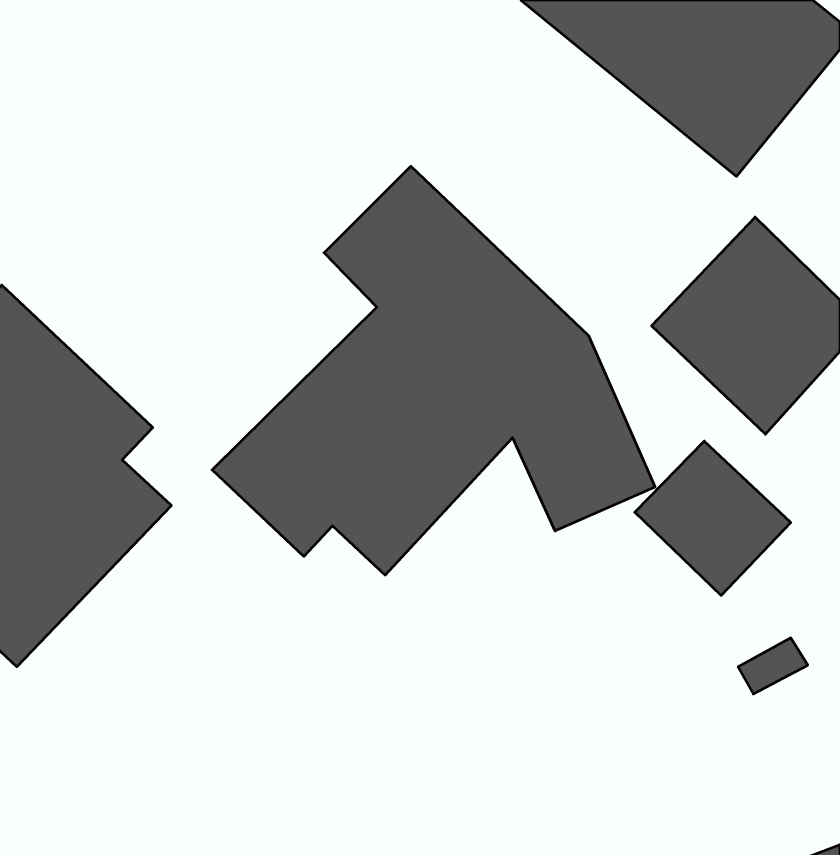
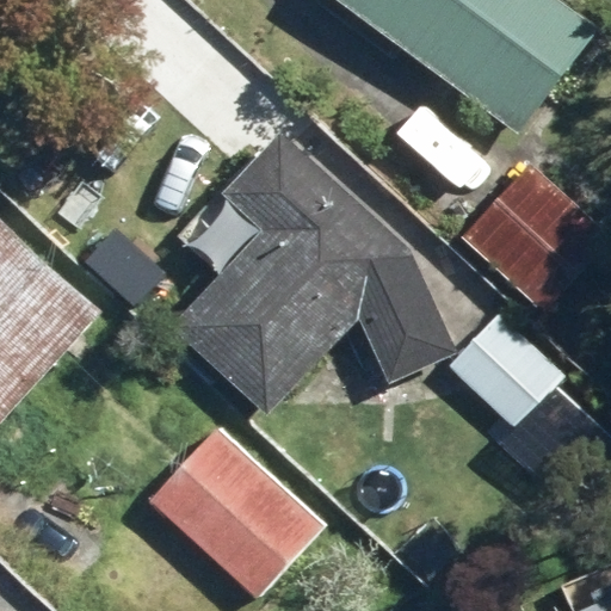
building: none -> [152,425,323,593]

